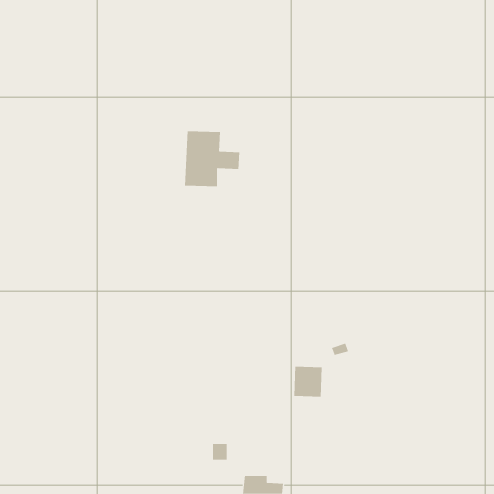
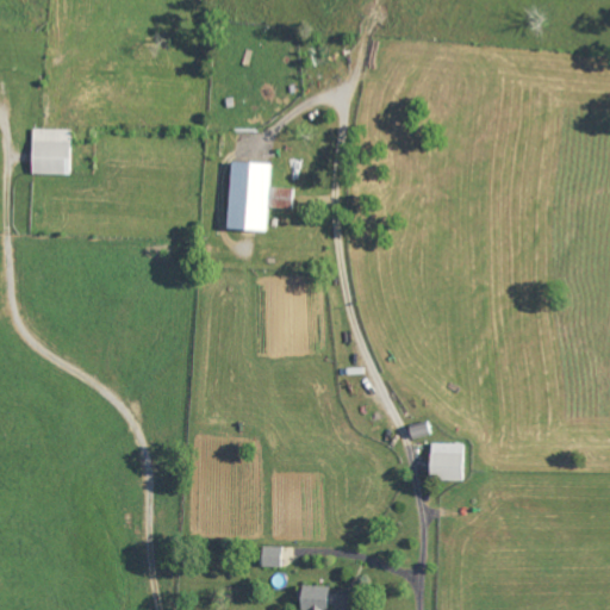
building: none -> [31,127,70,174]
building: [293,366,323,397] -> [428,442,463,480]

